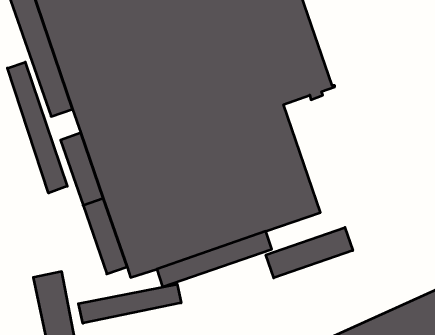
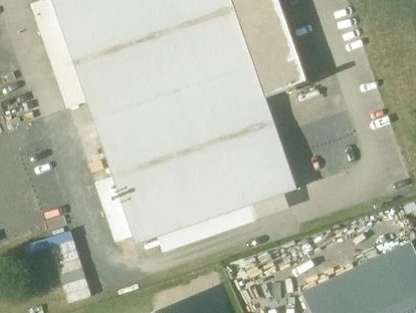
building: [7,62,67,193] -> none
building: [266,227,353,278] -> none
building: [78,284,181,323] -> none

